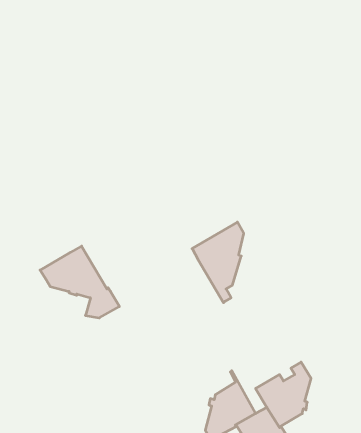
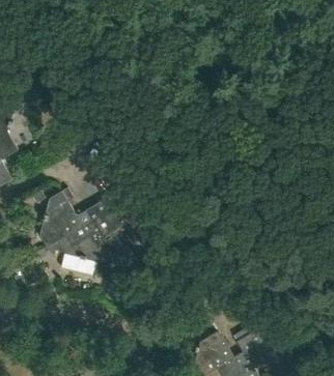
building: none -> [39,189,80,245]
building: [192,222,244,303] -> [84,189,127,255]

